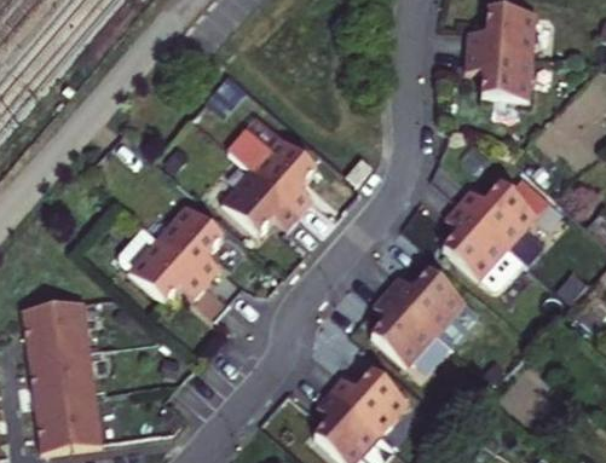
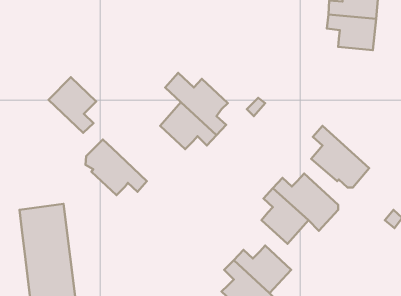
building: [451,175,543,264] -> none
building: [158,201,225,278] -> [48,77,96,133]

